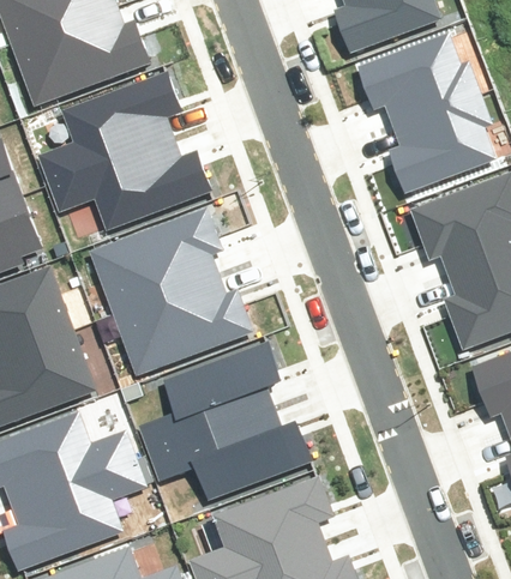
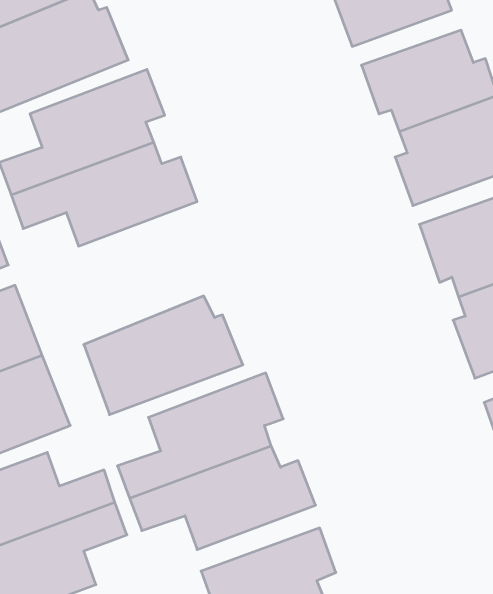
building: [86,207,220,315] -> none

